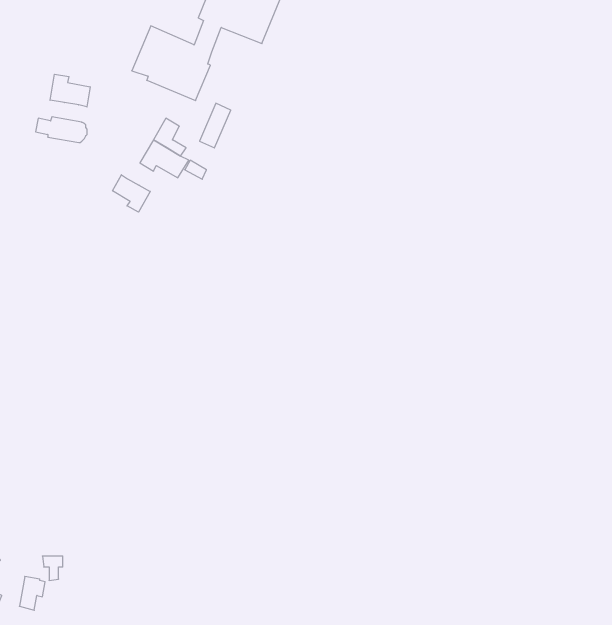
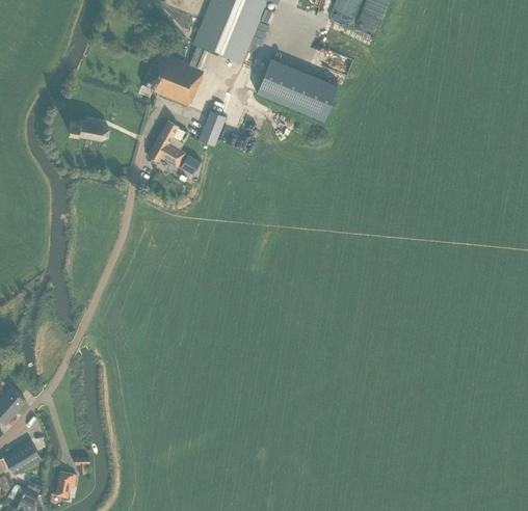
building: none -> [256,58,338,120]
building: [50,74,90,107] -> none
building: [113,175,150,212] -> none

